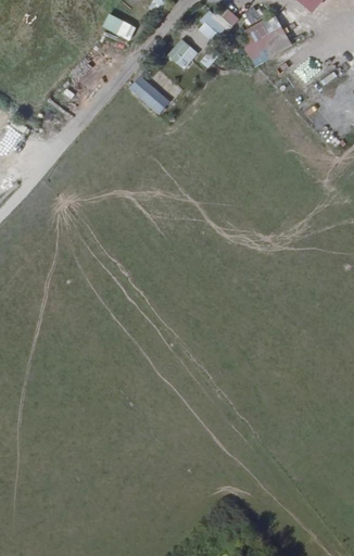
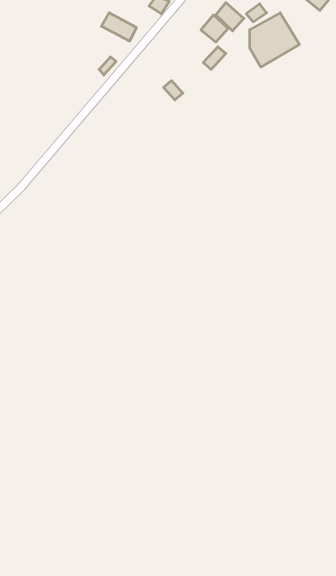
building: [167,38,198,68] -> none
building: [128,76,169,114] -> none

